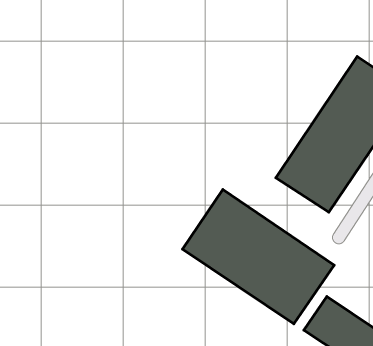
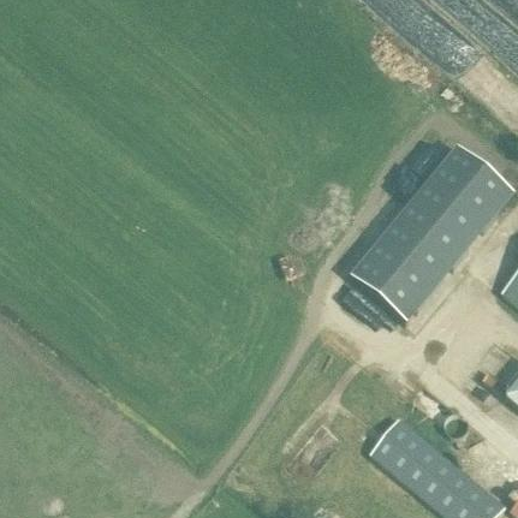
building: [182,190,334,324] -> none

